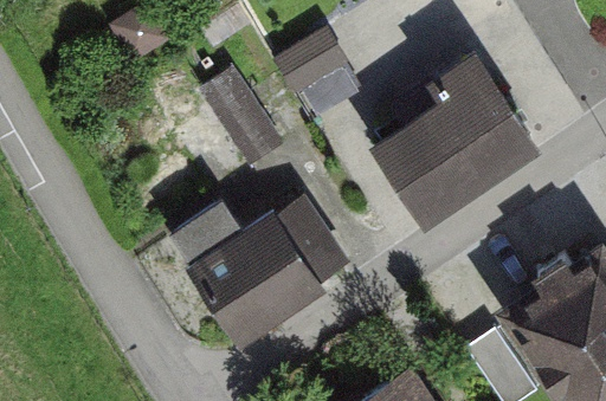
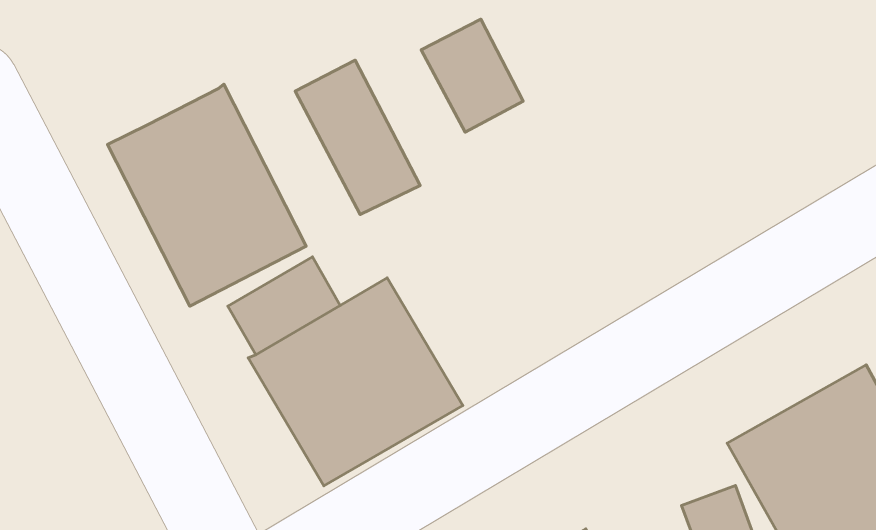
building: [373,56,534,216] -> none
building: none -> [108,84,306,306]

